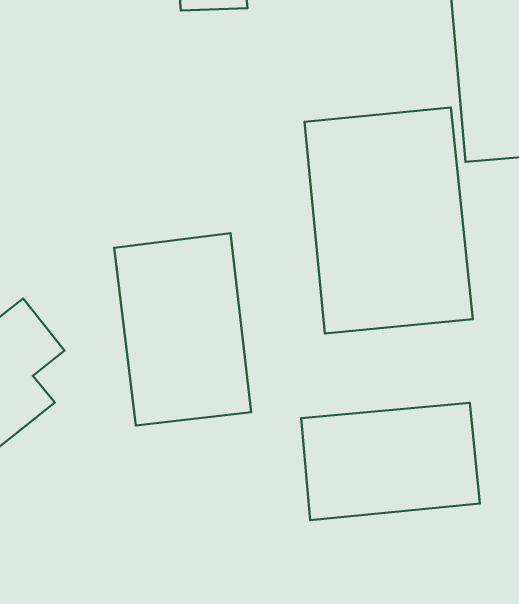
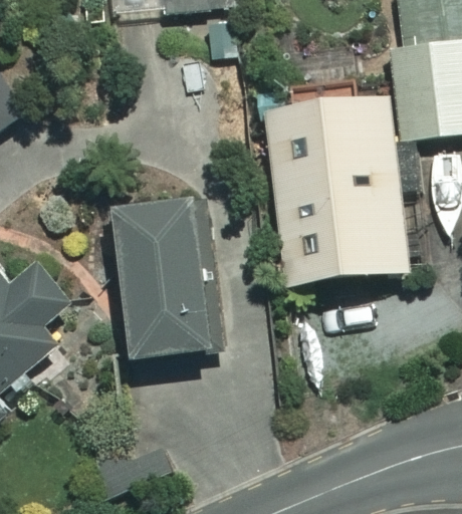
building: [301,403,480,520] -> none

